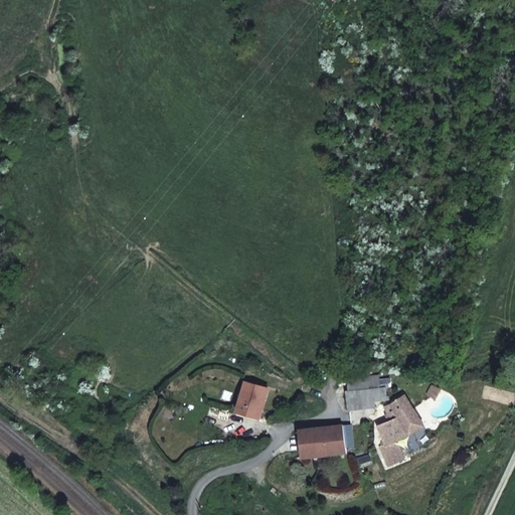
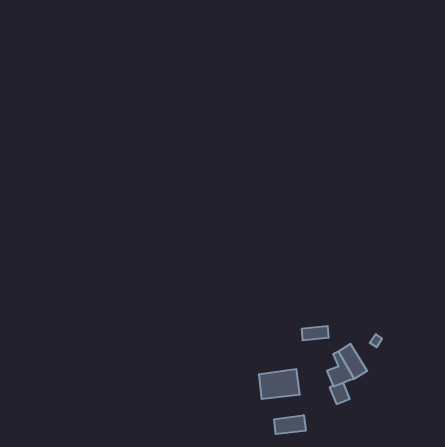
building: [235,382,267,418] -> none
building: [345,388,384,410] -> none
building: none -> [274,415,306,434]

